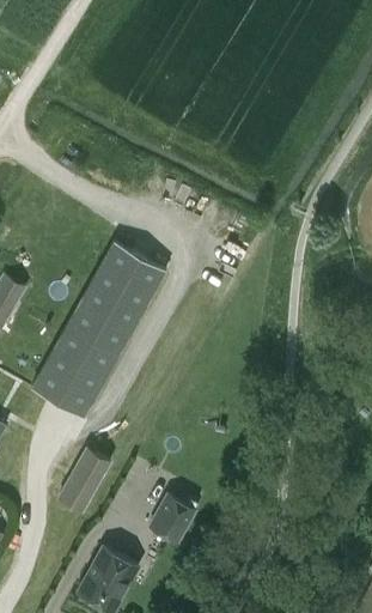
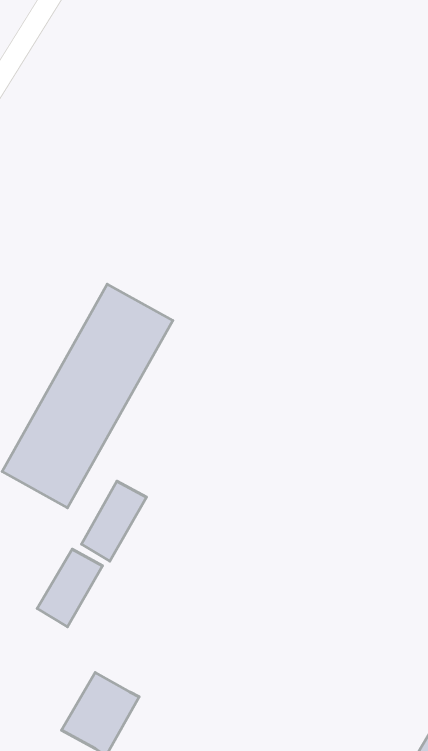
building: none -> [82,481,147,561]
building: [150,497,195,544] -> none

